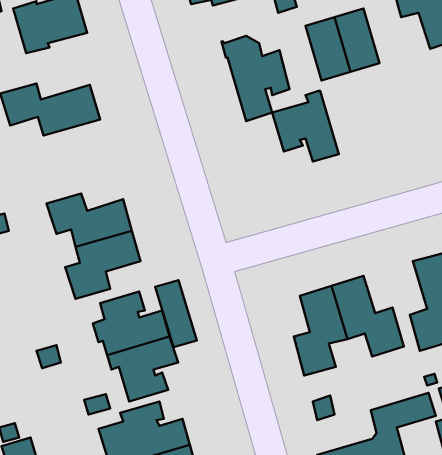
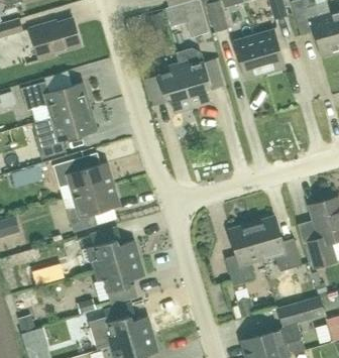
building: [272,91,339,162] -> [146,64,193,113]
building: none -> [35,107,97,158]
building: [155,280,197,347] -> none

